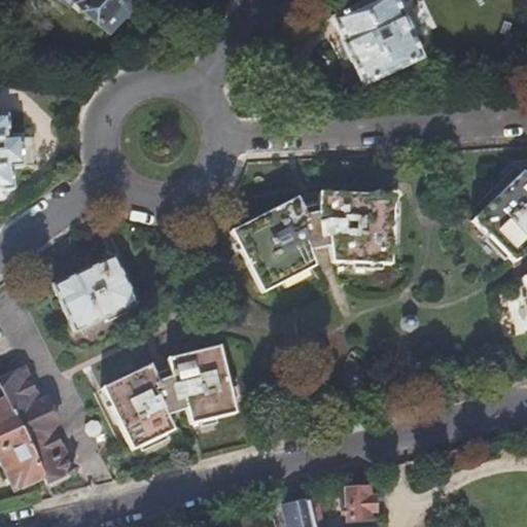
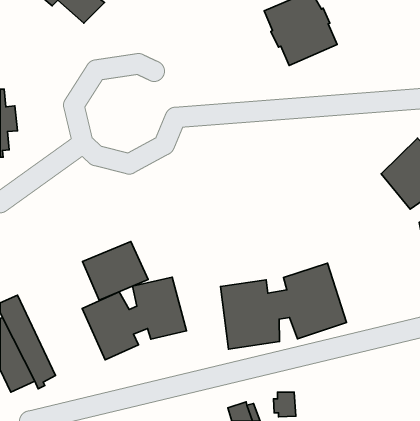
building: [231,189,392,292] -> none
building: [56,257,137,330] -> [83,242,148,300]
building: none -> [221,263,347,349]

